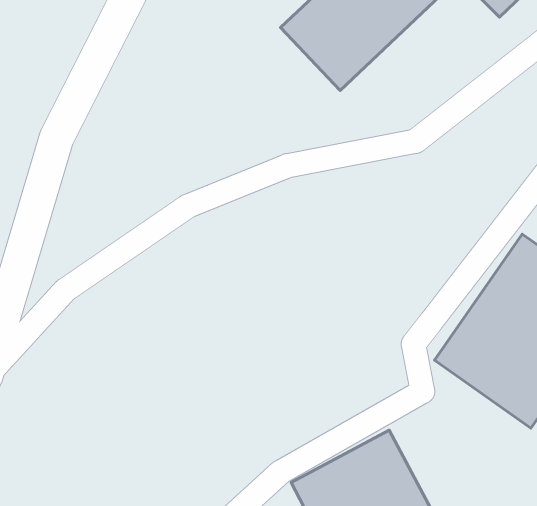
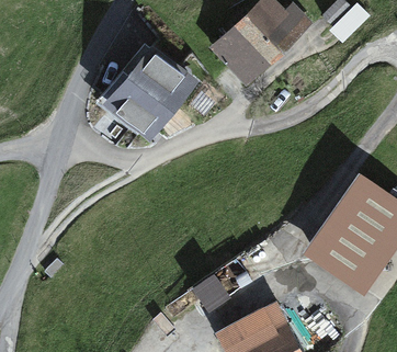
building: none -> [95,43,200,145]

